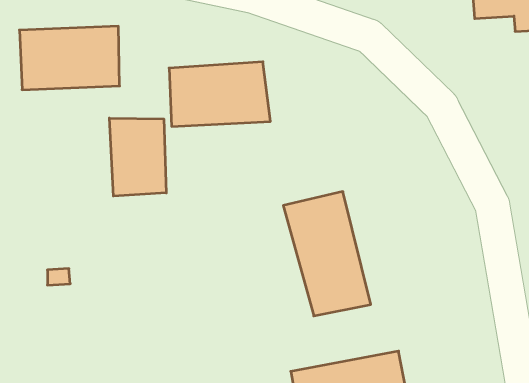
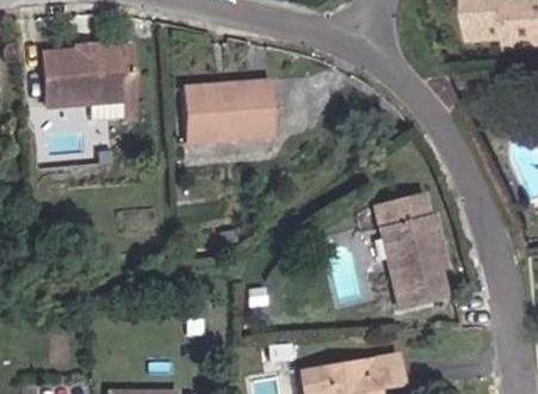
building: [109,118,166,196] -> none
building: [283,192,371,316] -> [371,190,453,307]

